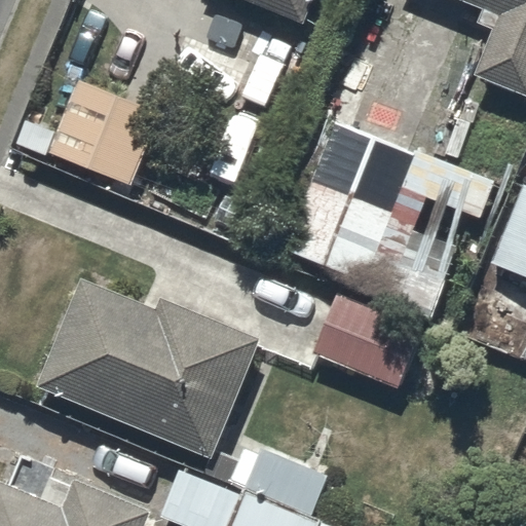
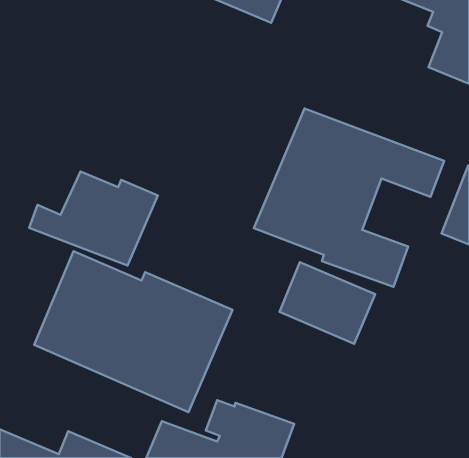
building: [20,81,163,186] -> [29,172,158,265]

